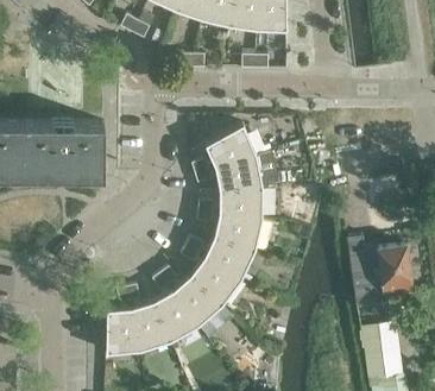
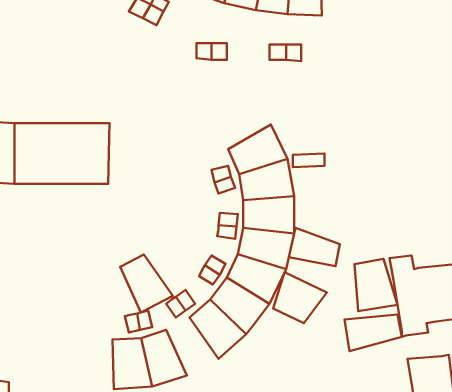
building: none -> [289,228,340,266]
building: none -> [355,259,398,311]
building: none -> [273,272,327,323]
building: none -> [345,315,402,351]
building: [151,292,196,342] -> [120,255,173,312]

